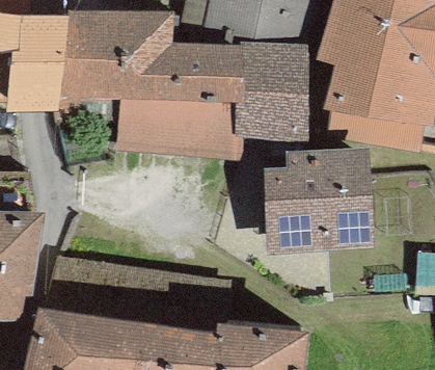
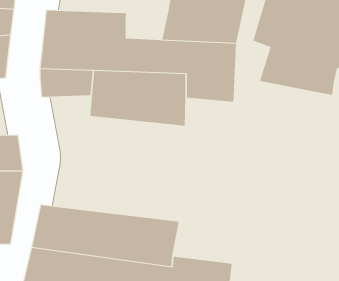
building: [12,15,63,101] -> none
building: [265,155,366,243] -> none

